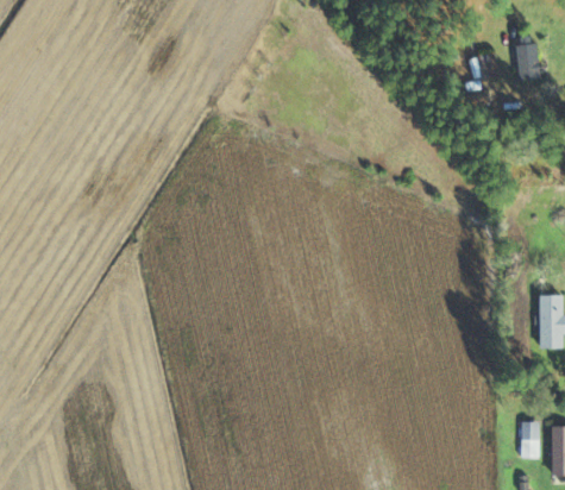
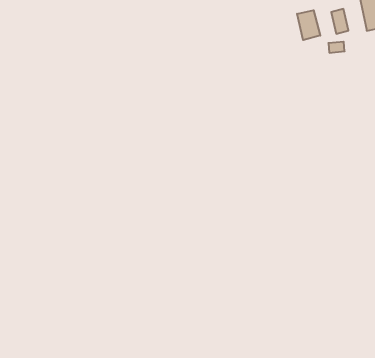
building: none -> [297,10,320,40]

